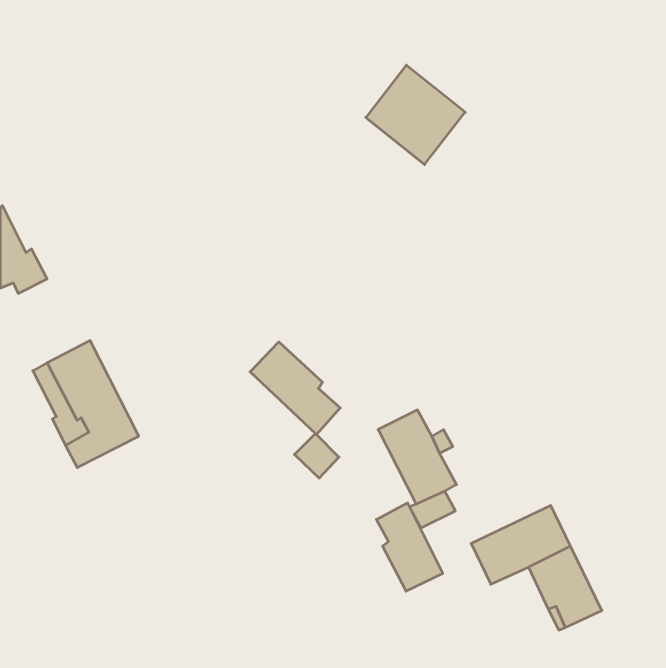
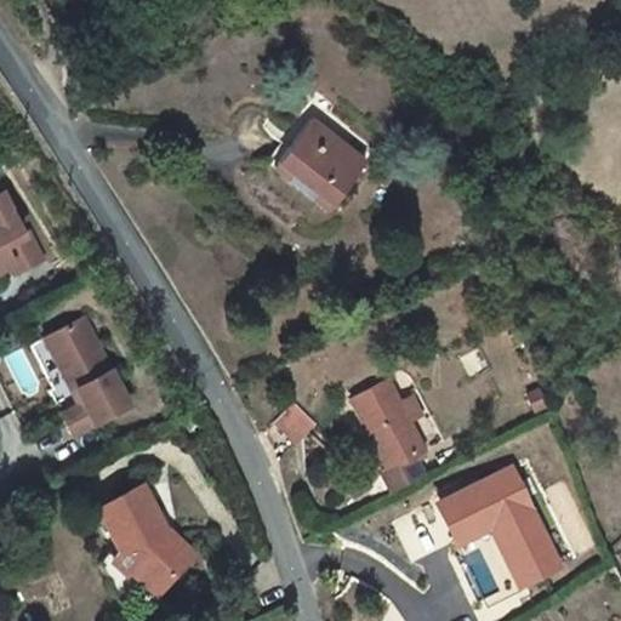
building: [366,65,465,165] -> [275,118,368,210]
building: [250,342,340,435] -> none
building: [376,503,443,591] -> none
building: none -> [101,485,195,593]

